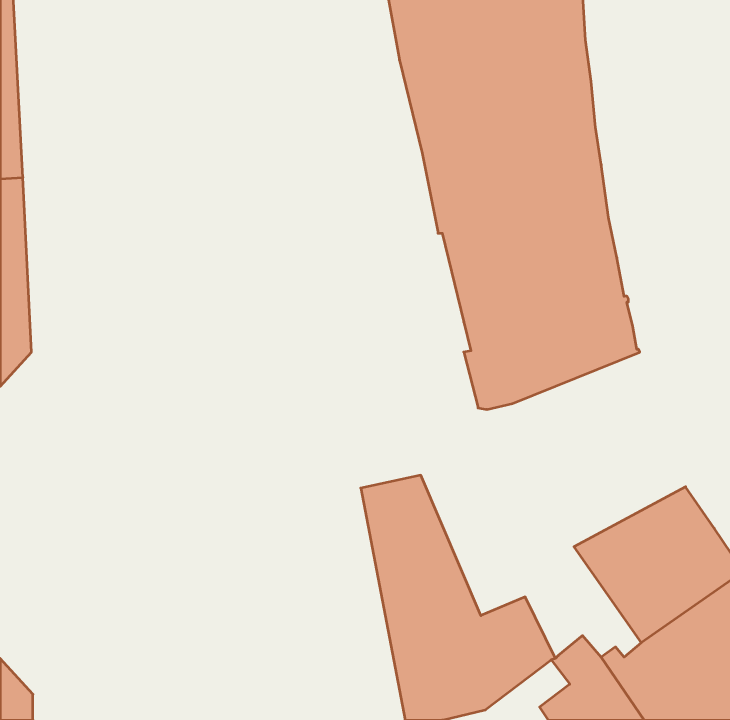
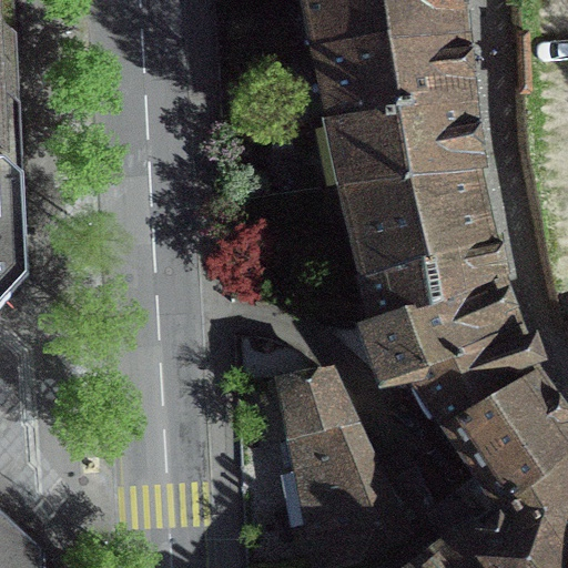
building: none -> [364,273,532,424]

